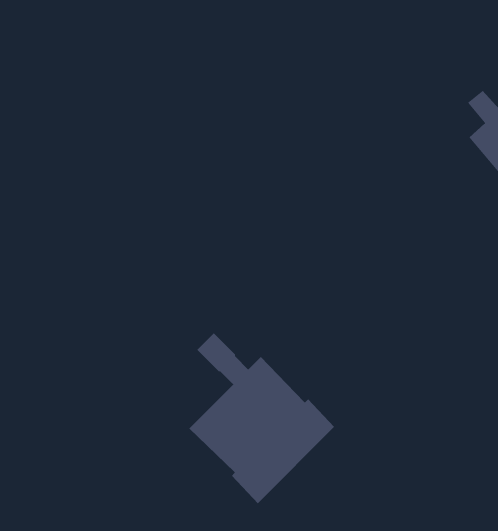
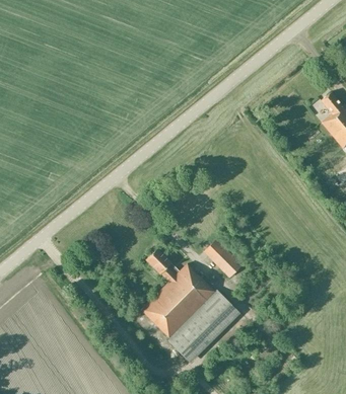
building: none -> [204,239,241,278]

